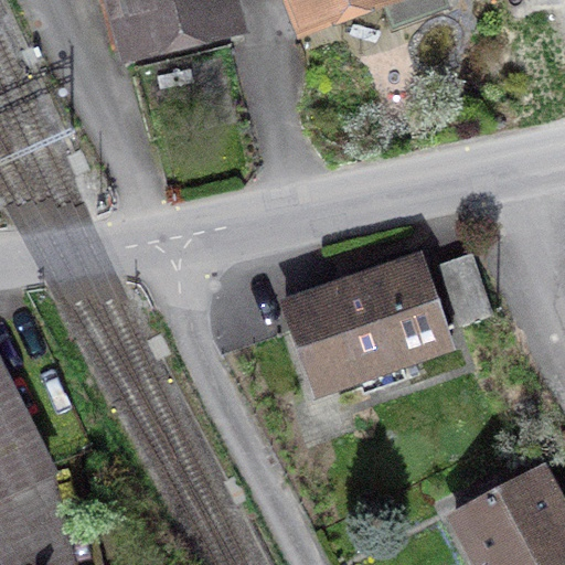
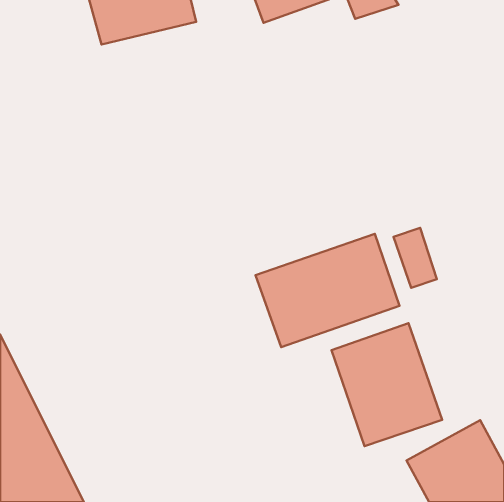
building: none -> [331,323,442,446]

